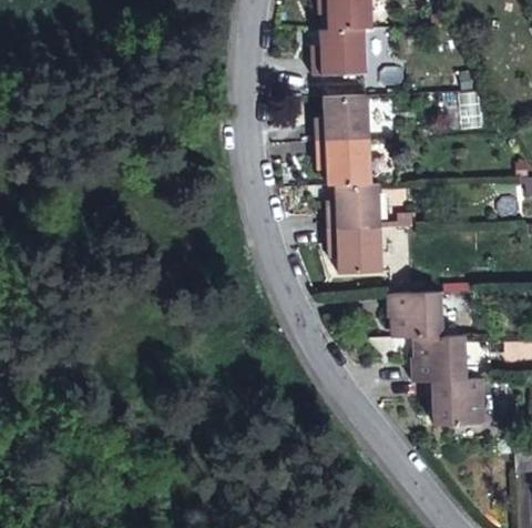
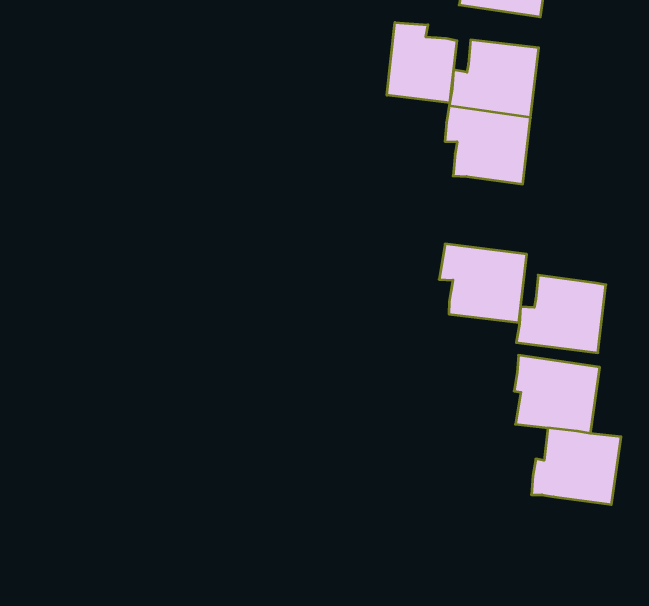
building: none -> [387,22,457,103]
building: [328,183,382,230] -> [516,275,606,353]
building: [426,378,480,424] -> none

